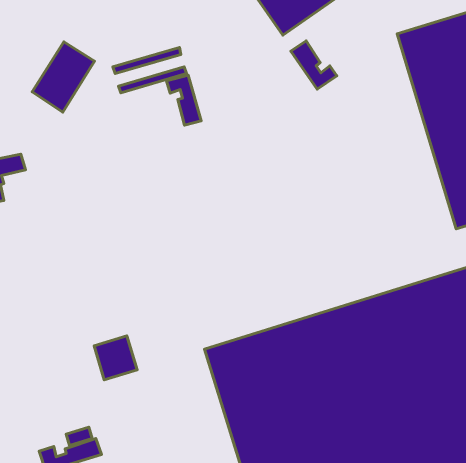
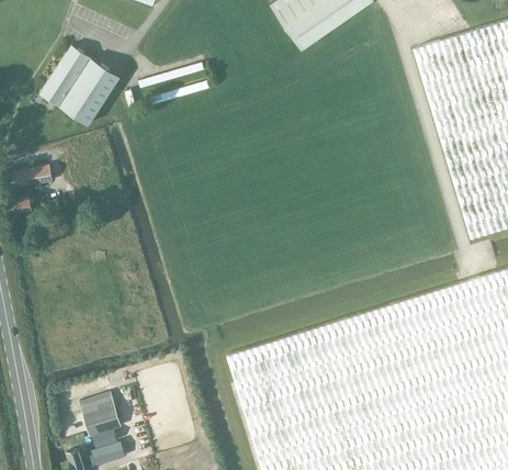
building: none -> [41,44,90,105]
building: [291,41,337,89] -> none
building: [167,75,201,125] -> none
building: [94,336,137,380] -> [79,392,121,435]

